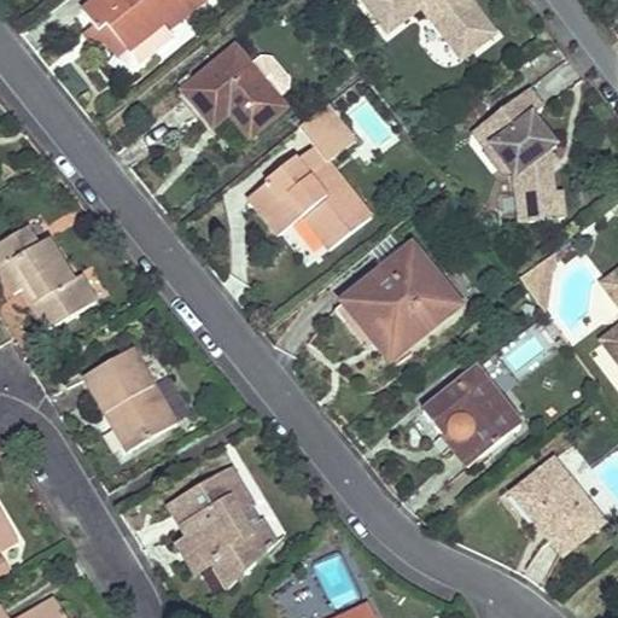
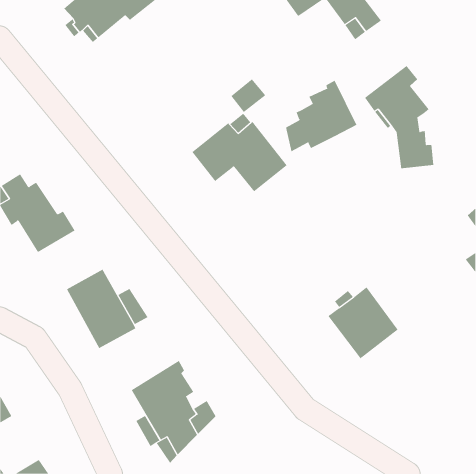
building: [174,41,291,144] -> none
building: none -> [286,80,357,152]
building: [344,247,457,348] -> none
building: [513,459,604,553] -> none

